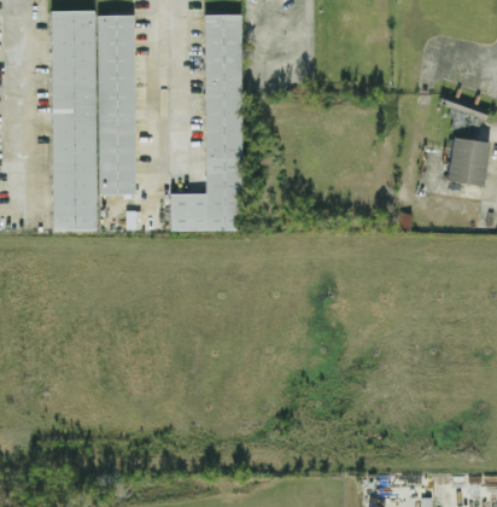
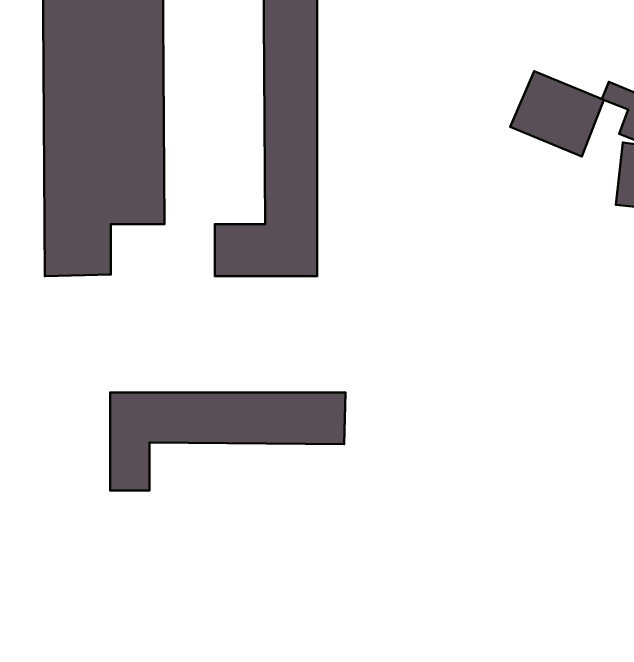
building: none -> [510,71,604,157]
building: none -> [110,392,345,491]

